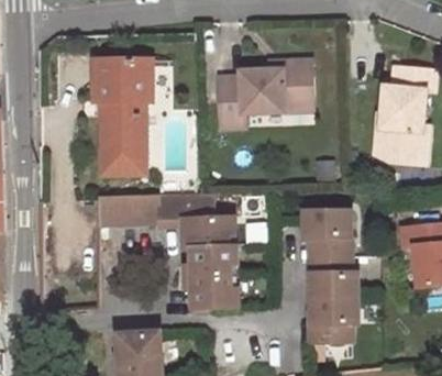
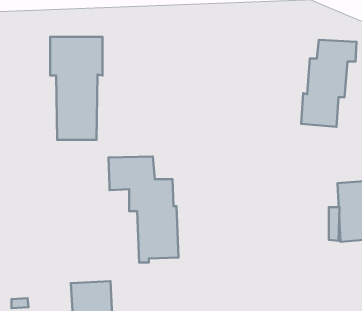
building: [216,58,309,124] -> none
building: [100,195,159,228] -> none
building: [305,211,355,342] -> none

